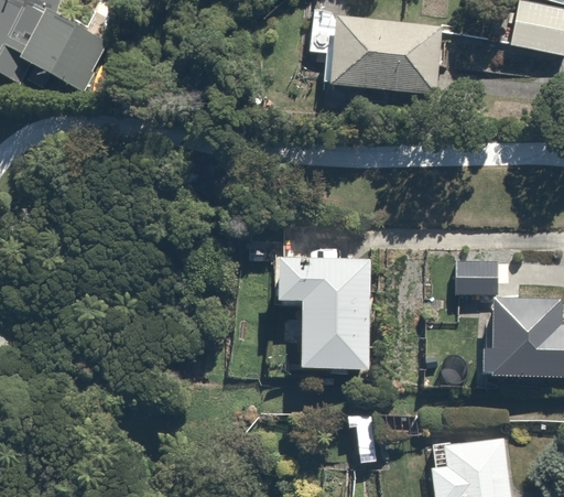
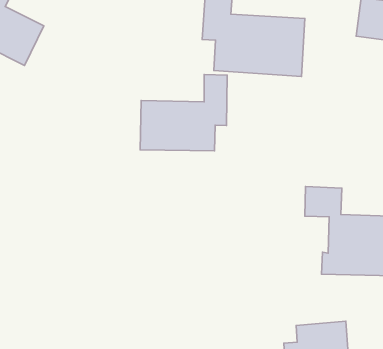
building: none -> [140,75,227,151]
building: [269,242,367,359] -> none

